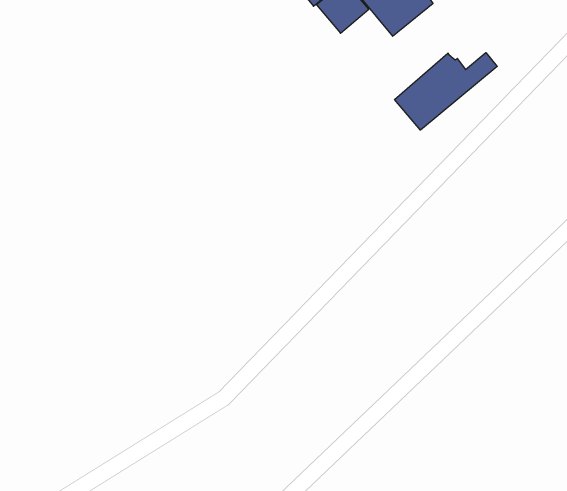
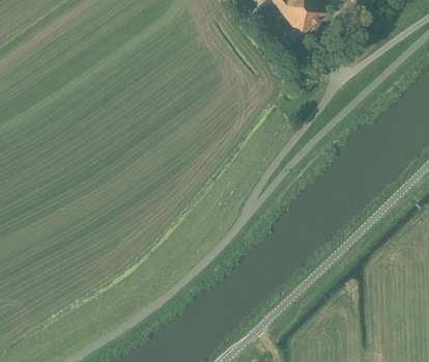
building: [395,53,497,130] -> none

